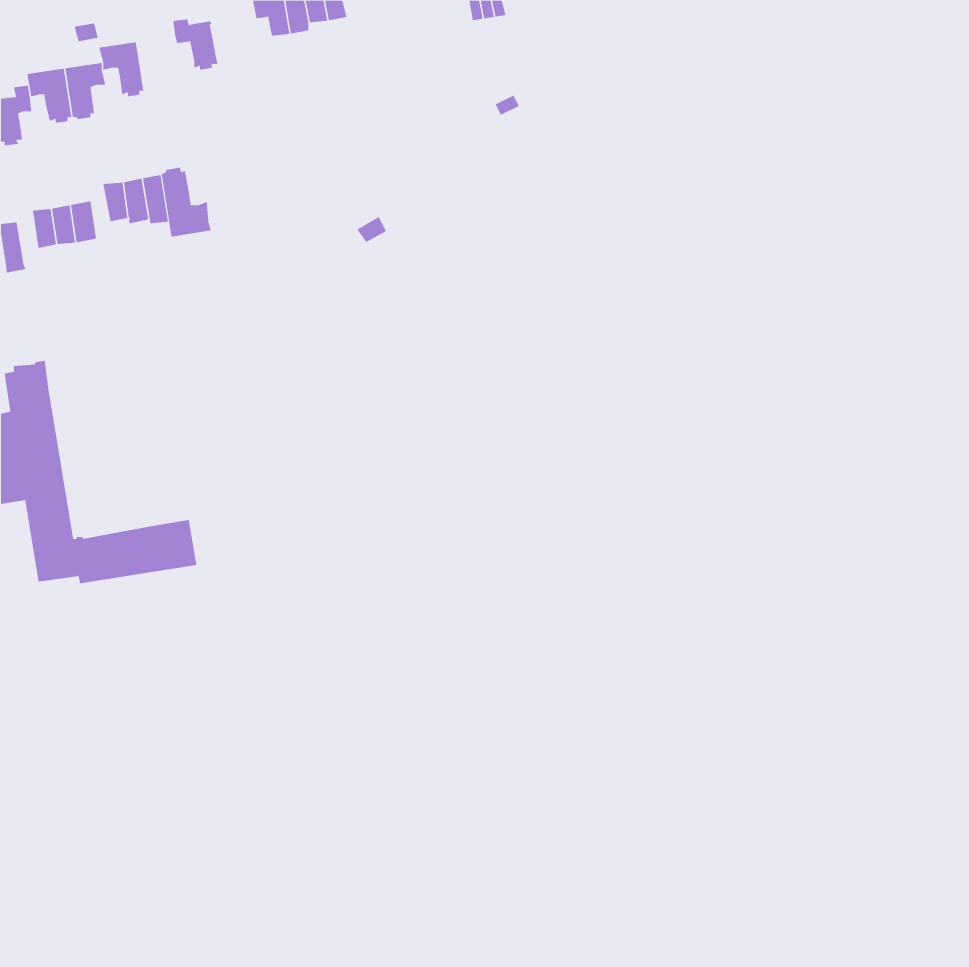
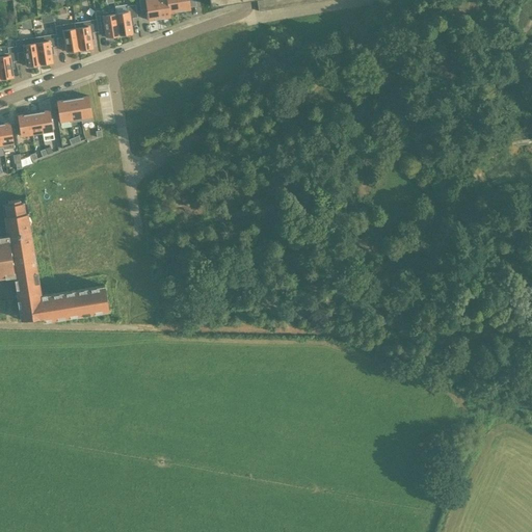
building: none -> [115,6,137,37]
building: none -> [75,21,98,52]
building: [161,167,211,238] -> none

